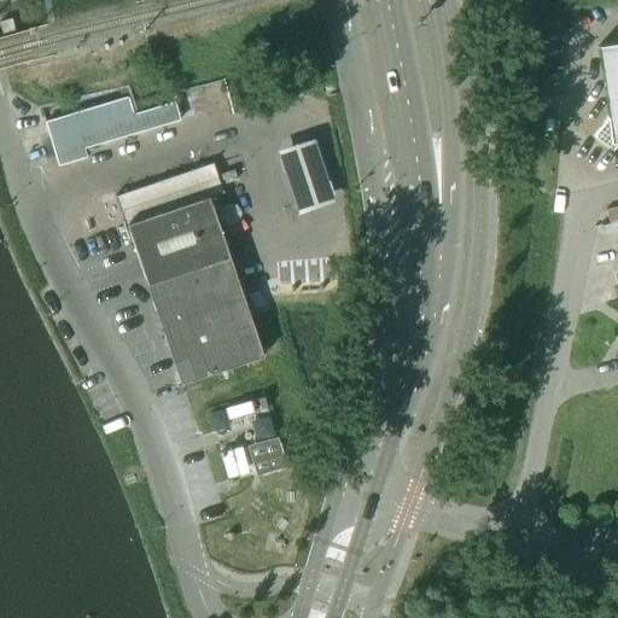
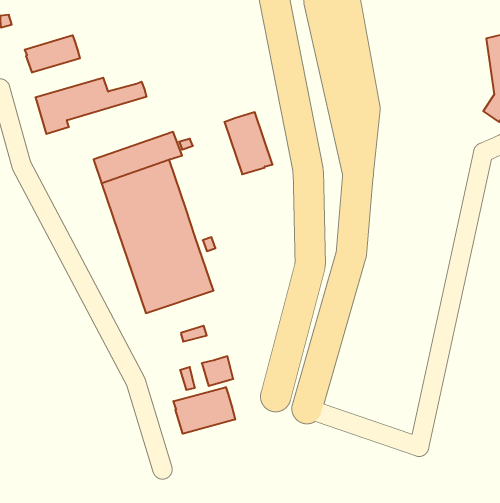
building: none -> [25,35,80,73]
building: none -> [173,387,235,434]

